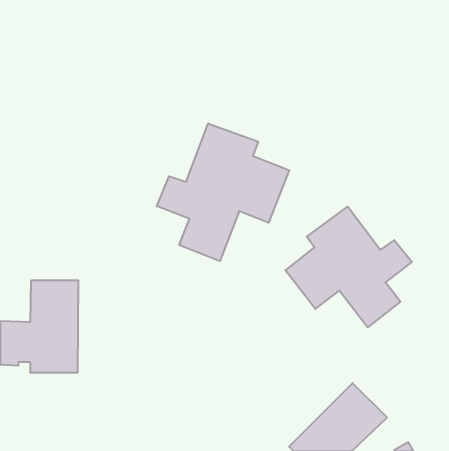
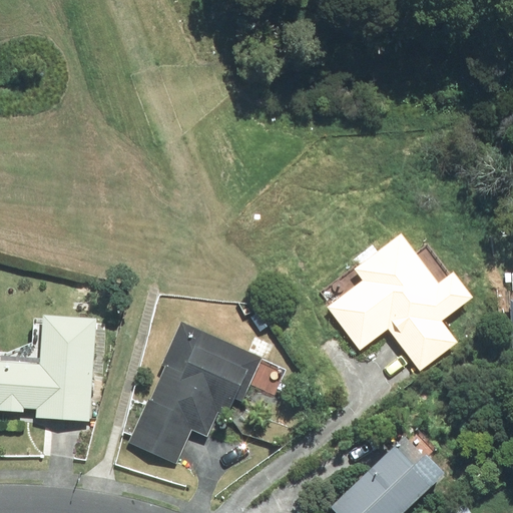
building: [157,123,289,261] -> none
building: none -> [129,323,264,463]

